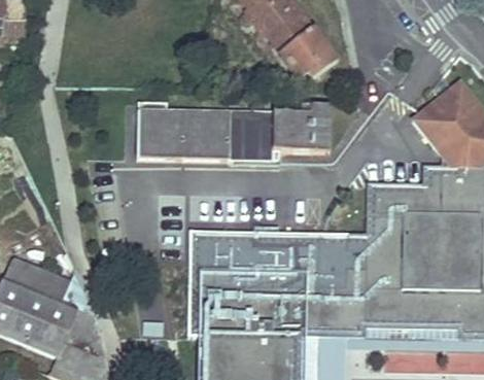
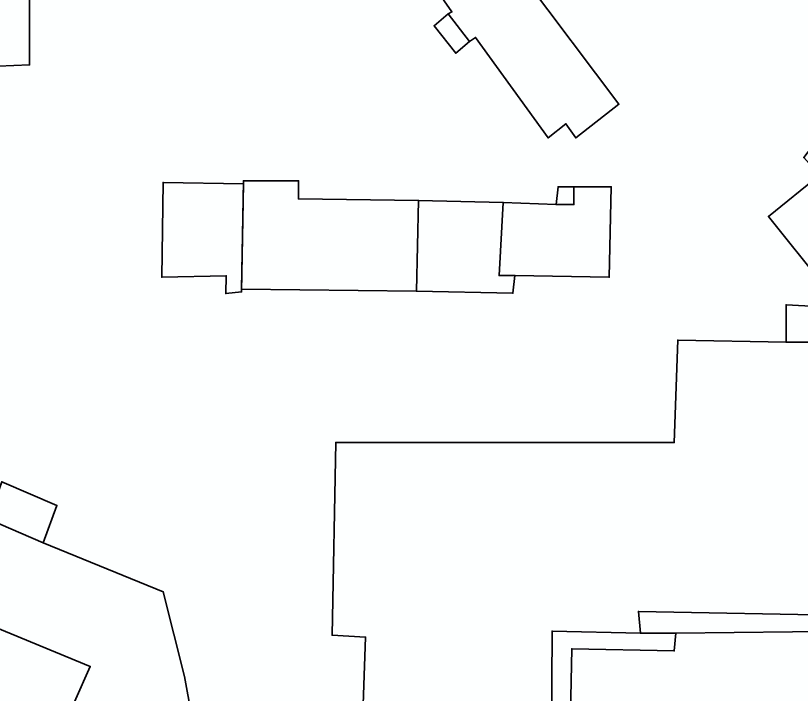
building: none -> [162,182,244,293]

